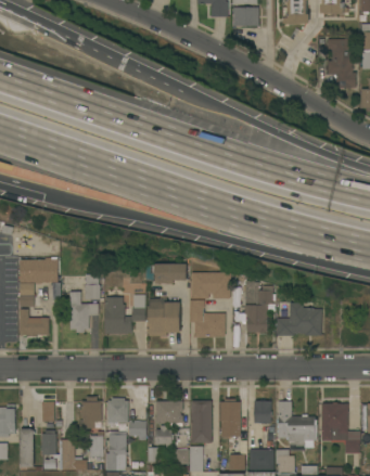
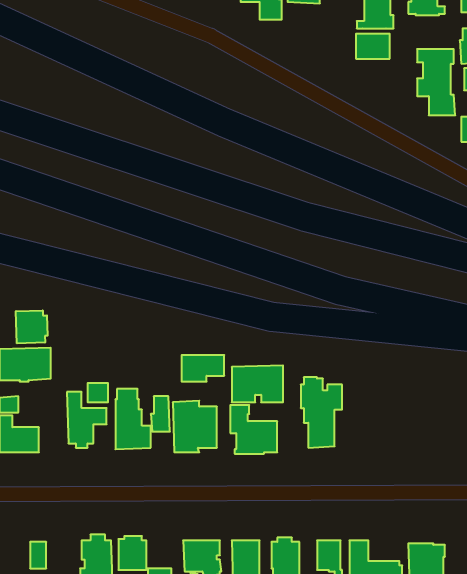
building: [233,8,258,26] -> [356,34,390,59]
building: none -> [16,310,48,343]
building: [277,304,321,336] -> none

